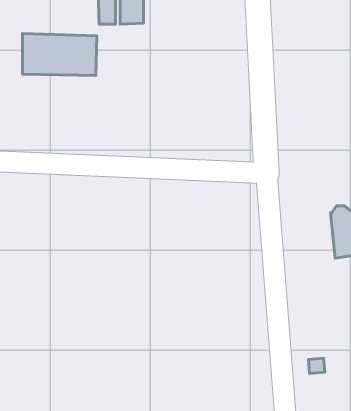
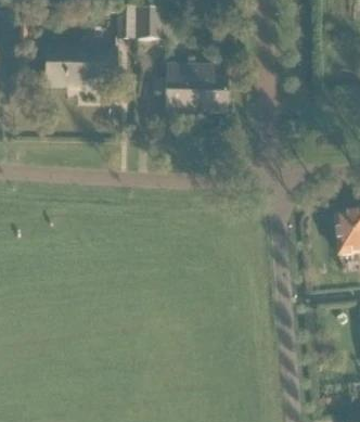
building: none -> [167,65,228,111]

